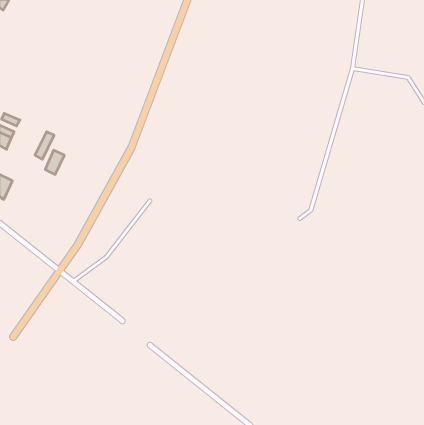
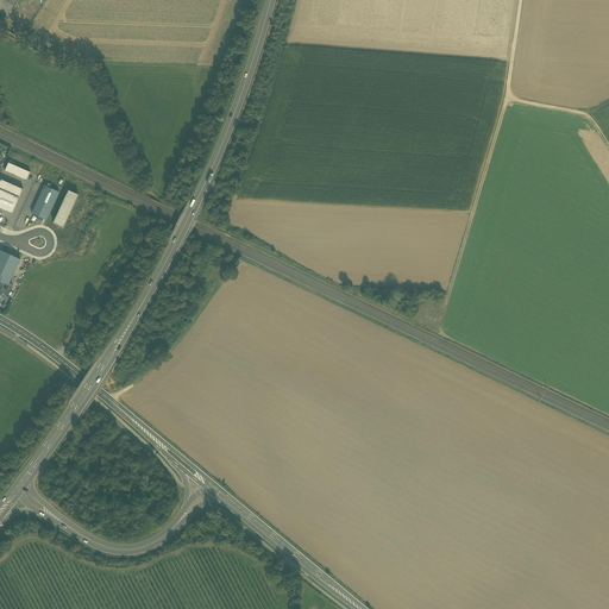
building: [45,150,64,174] -> [30,184,57,219]

